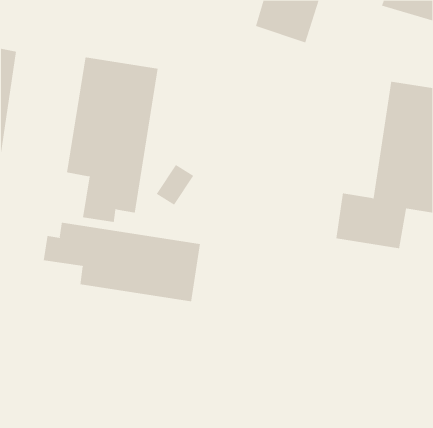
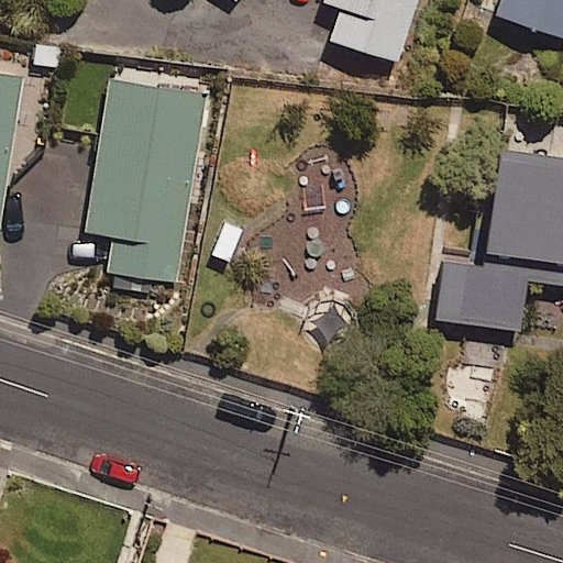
building: [43,222,200,302] -> none

